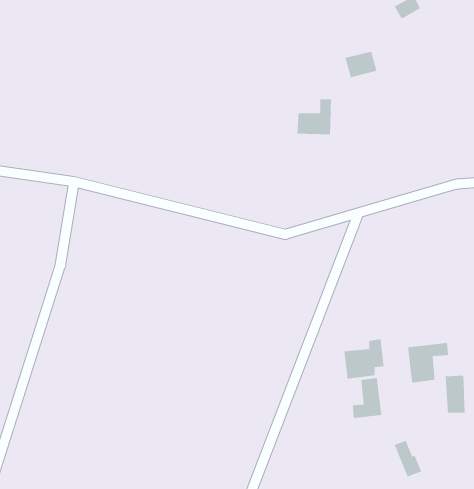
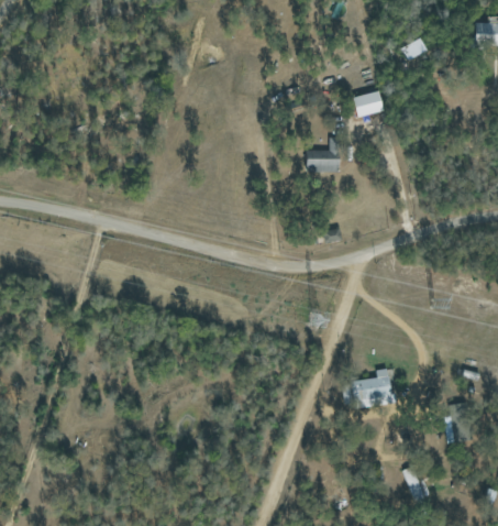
building: [407,342,449,383] -> none
building: [352,377,382,419] -> none

